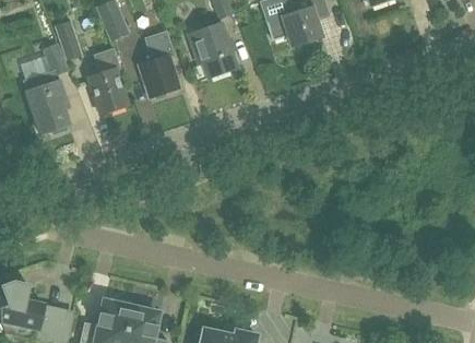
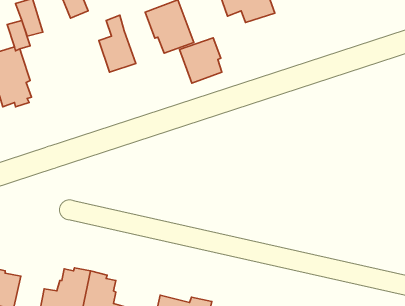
building: [88,47,127,113] -> none
building: none -> [179,38,222,83]

